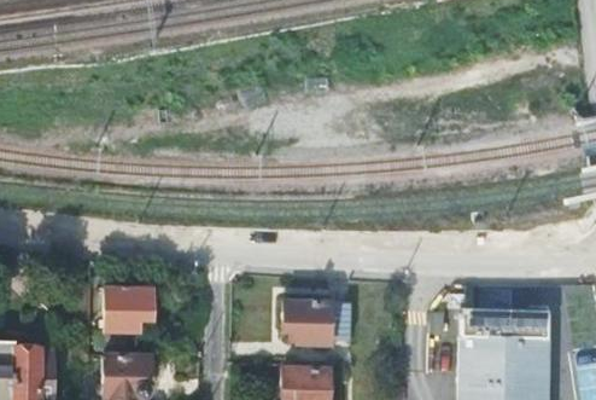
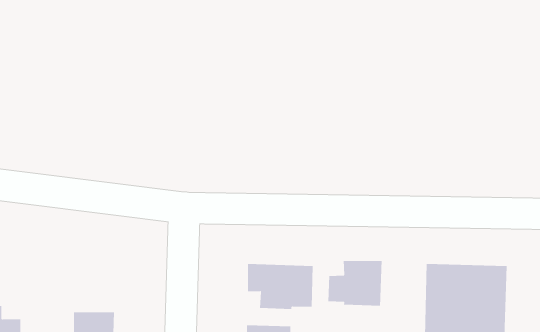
building: [94,288,148,352] -> none
building: none -> [328,260,382,306]

